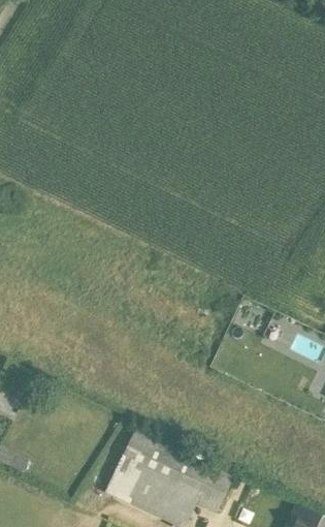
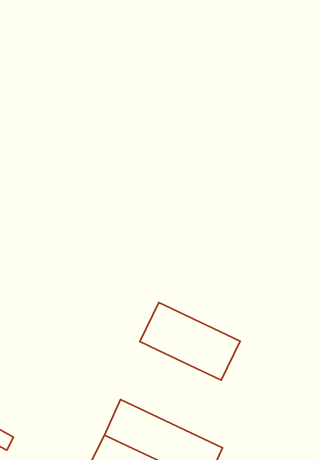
building: none -> [140,303,240,380]

